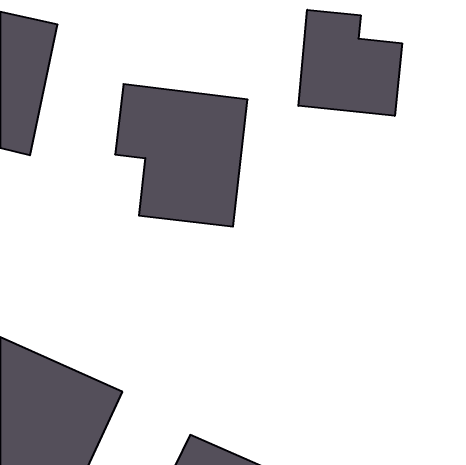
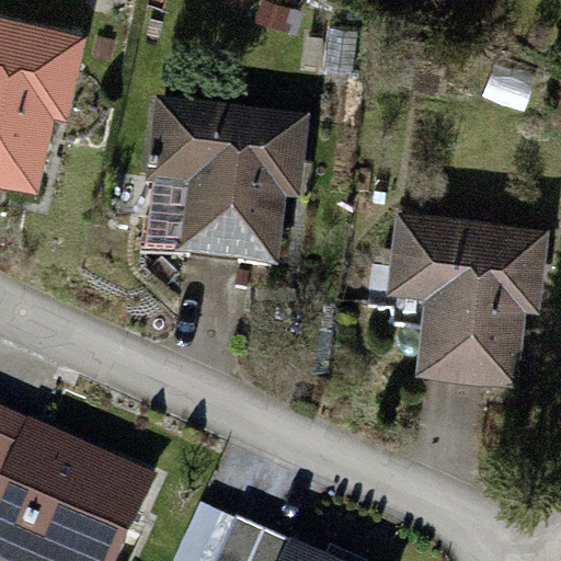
building: [298,10,402,116] -> none
building: none -> [378,203,539,379]

